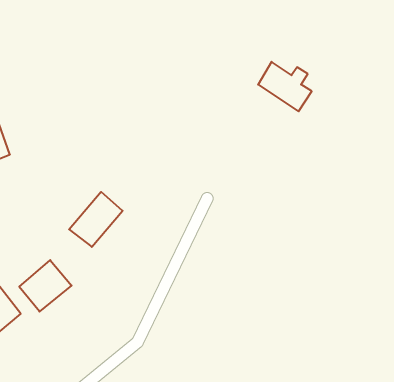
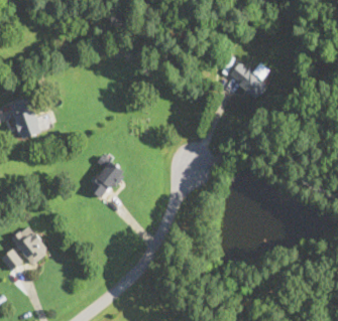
building: [19,260,72,312] -> none

